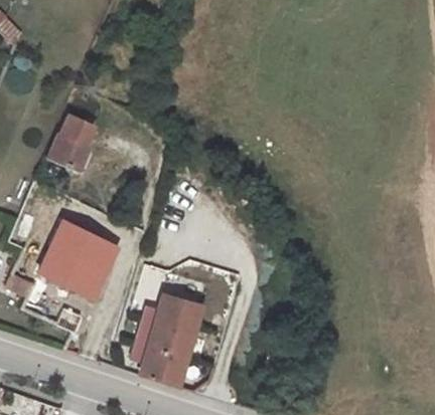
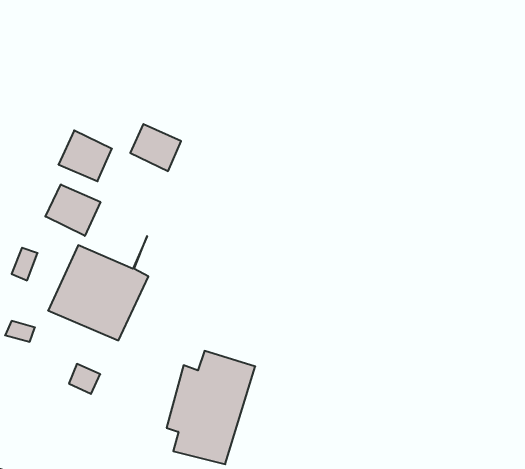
building: [60,109,100,145] -> [130,124,181,171]
building: none -> [45,184,100,236]

